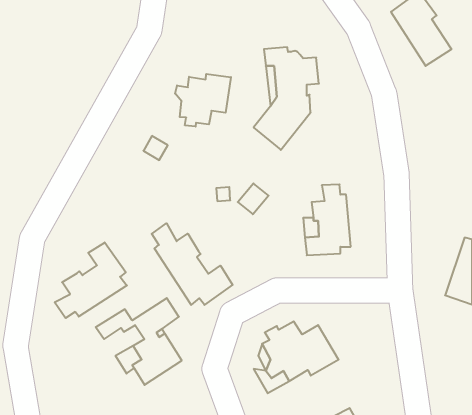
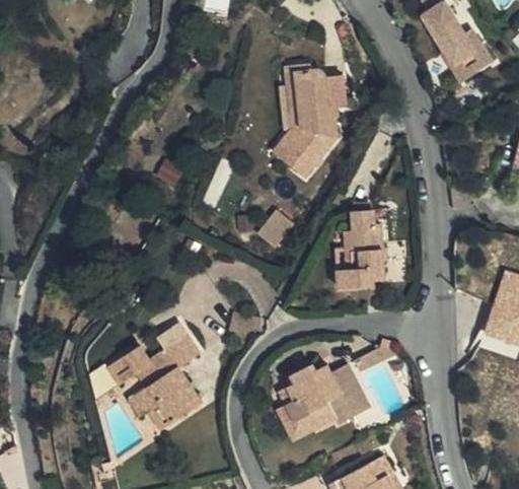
building: [175,74,231,127] -> none
building: [152,223,233,305] -> none
building: [55,242,127,318] -> none

